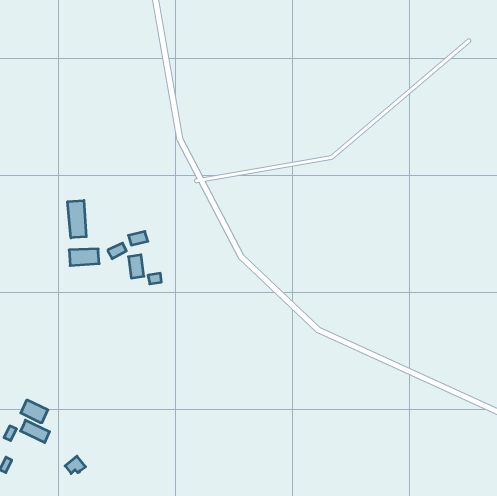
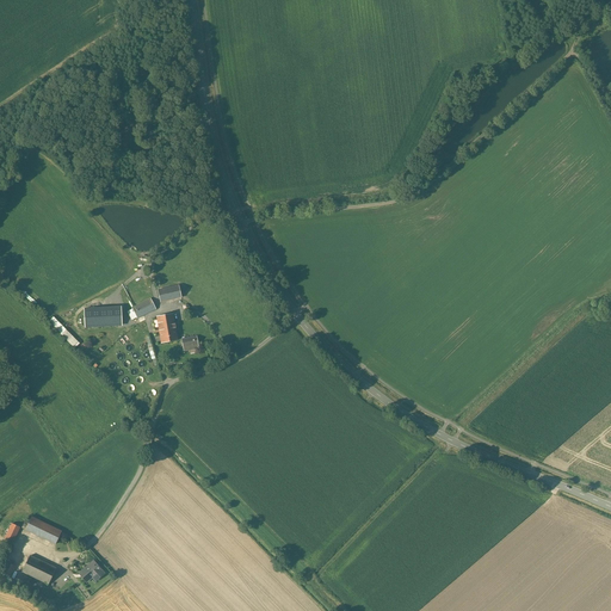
building: [68,200,86,238] -> none
building: [21,400,48,423] -> [23,555,56,582]

